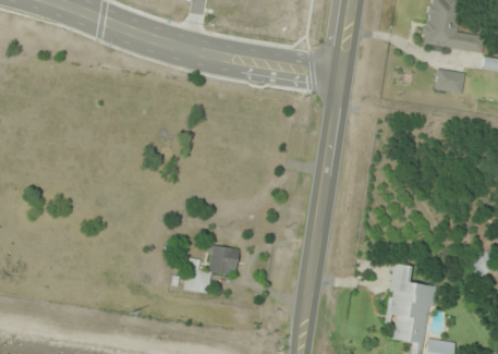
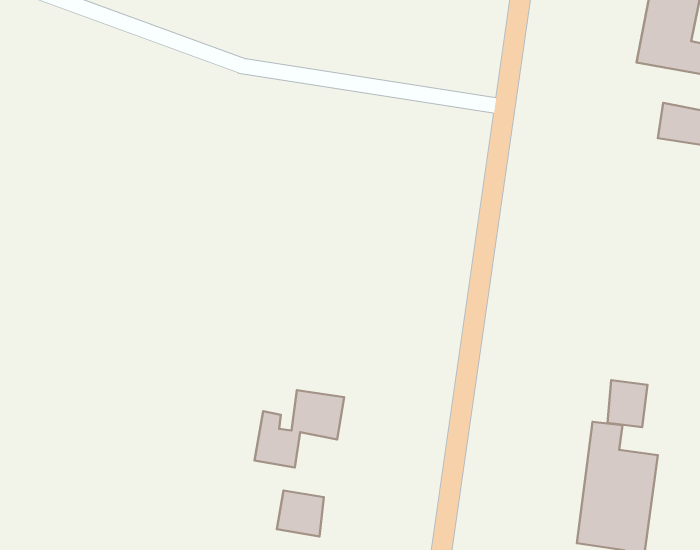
building: none -> [607,380,648,427]
building: none -> [277,490,324,536]

